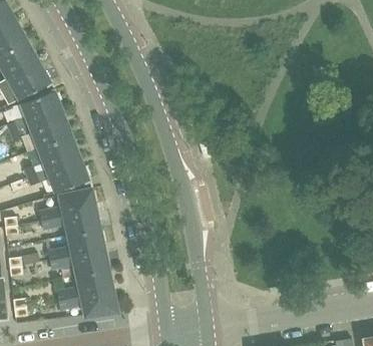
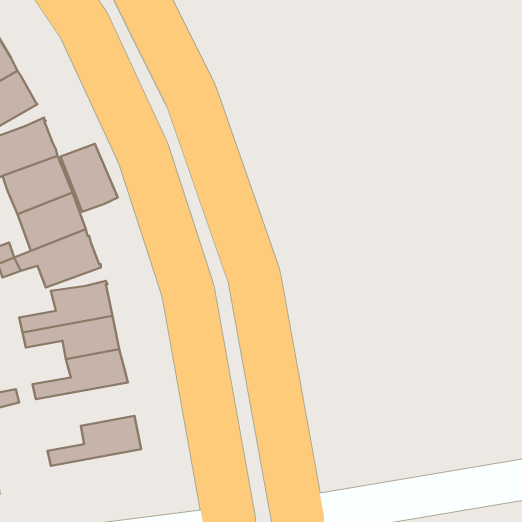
building: none -> [61,144,118,212]
building: [49,250,108,276] -> none
building: [58,290,117,316] -> none

